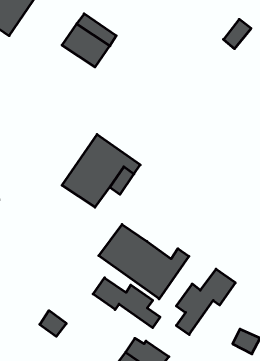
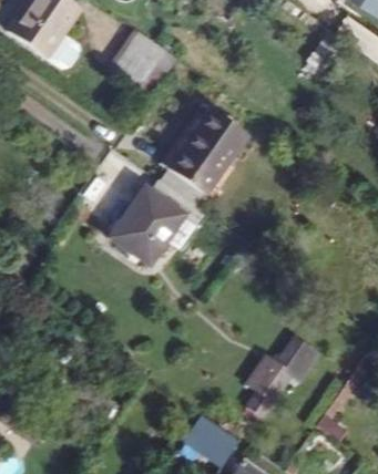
building: none -> [166,106,248,194]
building: [99,224,189,299] -> none
building: [93,278,160,328] -> none

